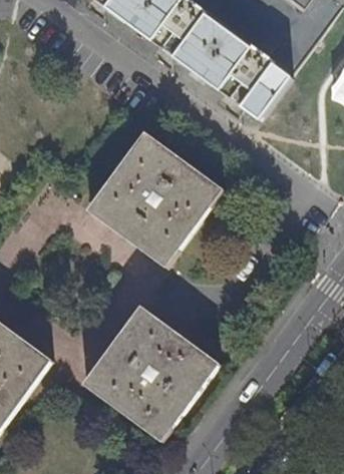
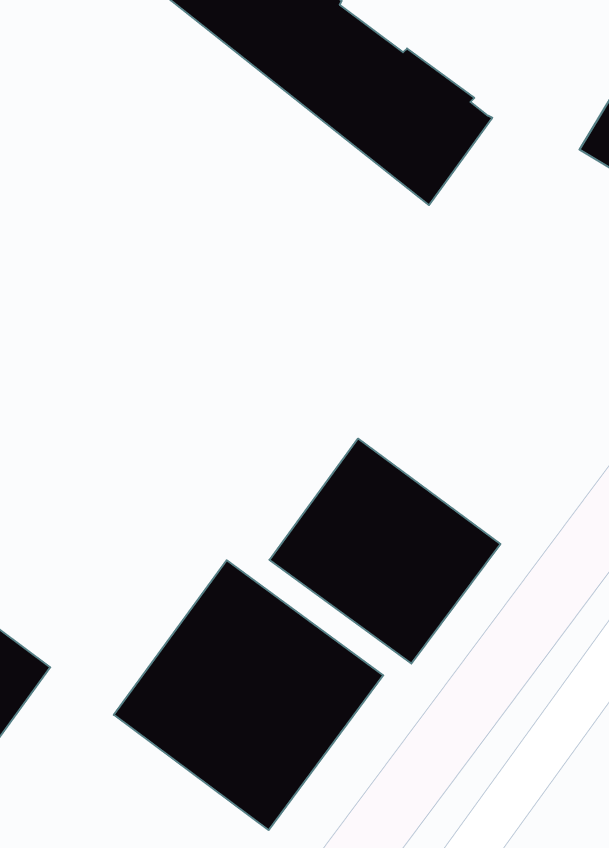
building: [89,130,225,266] -> none
building: none -> [269,439,500,664]

